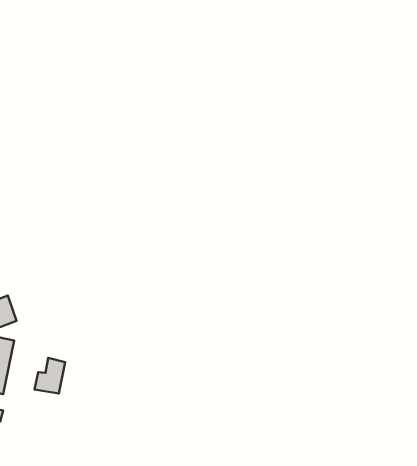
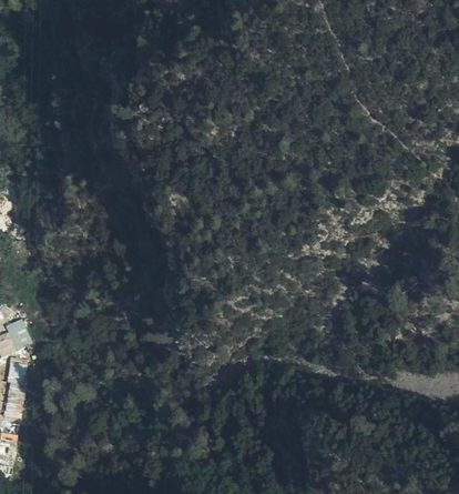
building: [35,358,65,394] -> none

